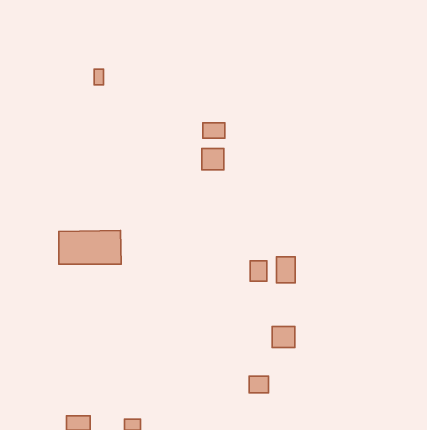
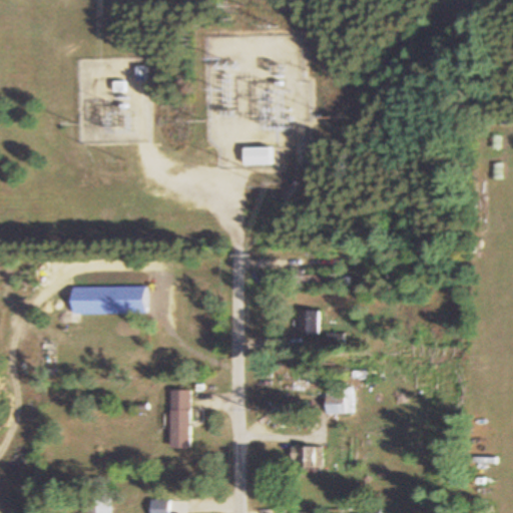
building: [202,149,224,170] -> none
building: [277,257,295,283] -> none
building: none -> [169,391,189,448]

